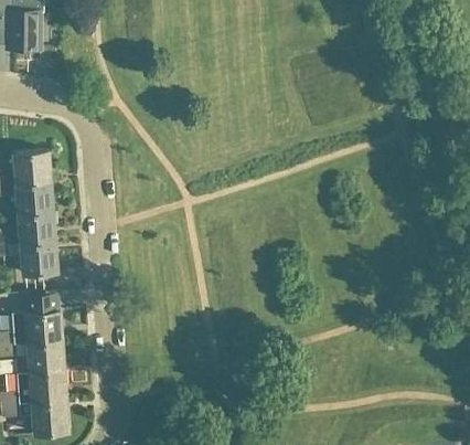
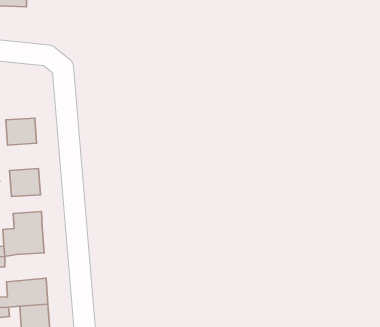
building: [13,150,50,183] -> none
building: [18,211,54,243] -> none
building: [28,340,63,373] -> none

